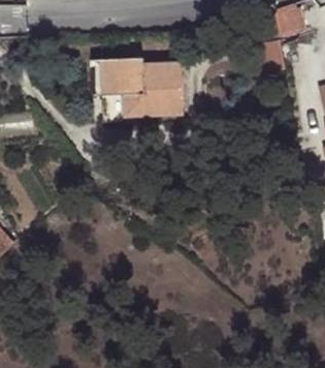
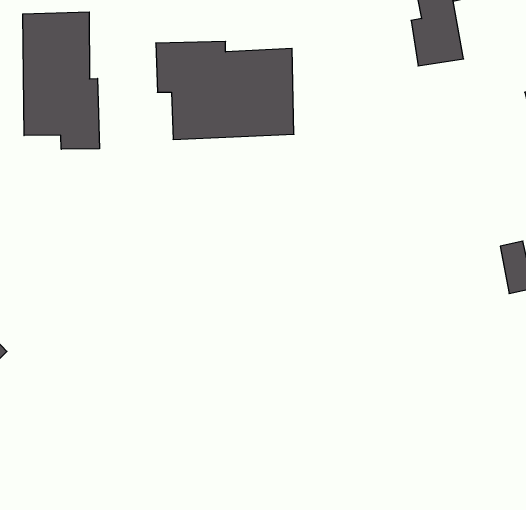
building: none -> [23,12,99,149]

